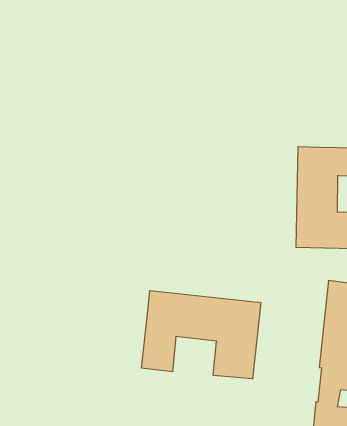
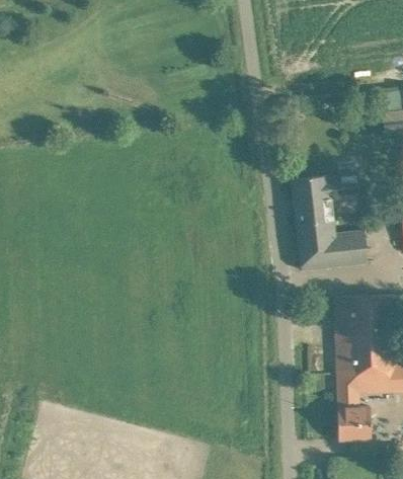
building: [142,291,261,379] -> none

